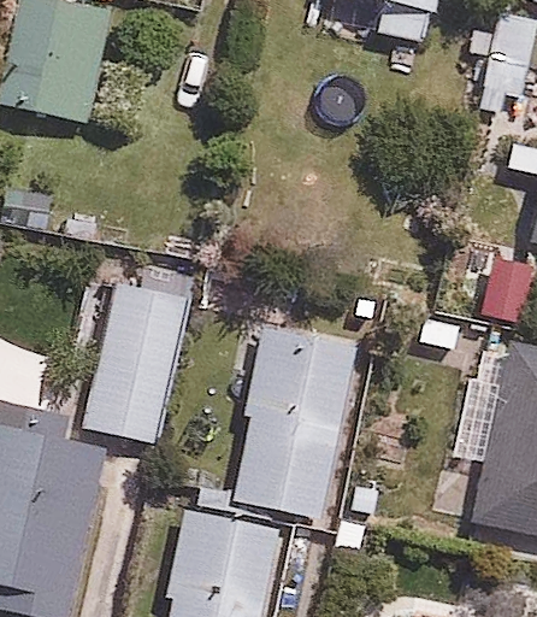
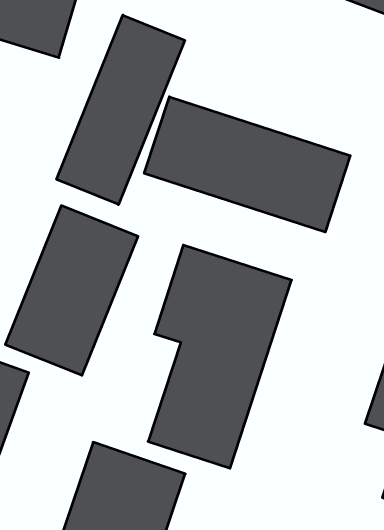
building: none -> [57,15,185,205]
building: none -> [144,97,350,232]

